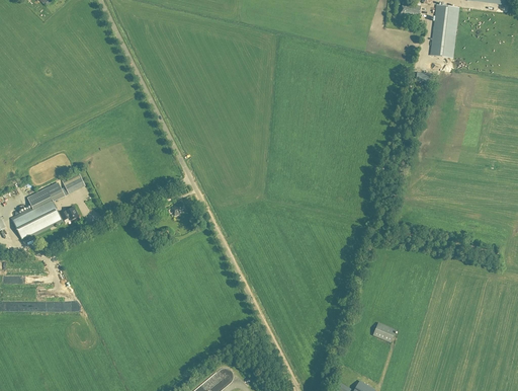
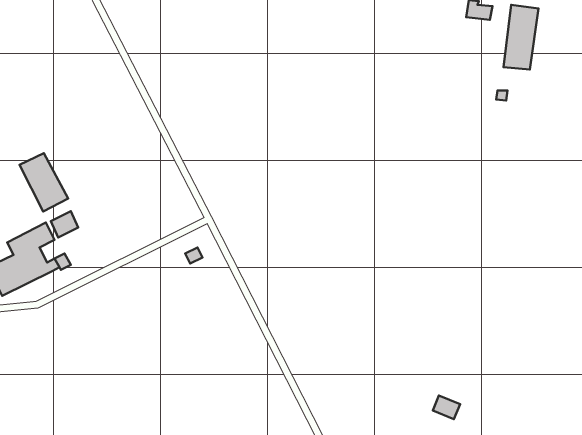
building: none -> [20,153,68,212]

